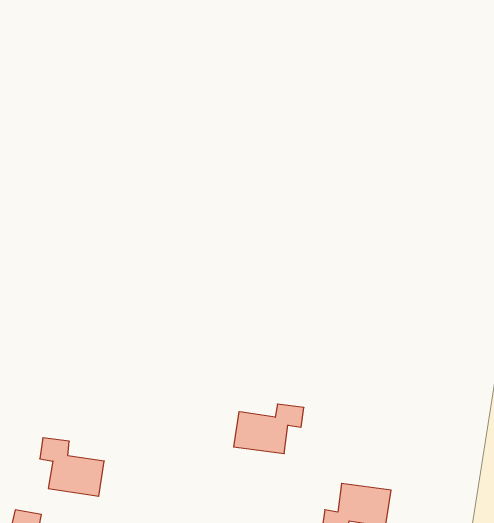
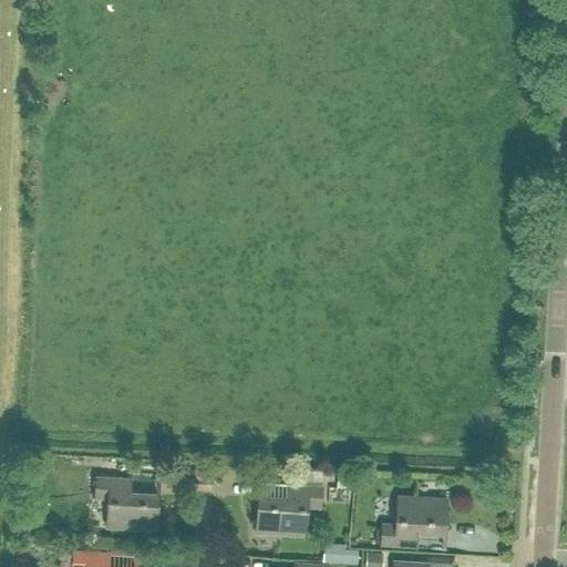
building: [234,404,304,454] -> [256,485,322,534]

